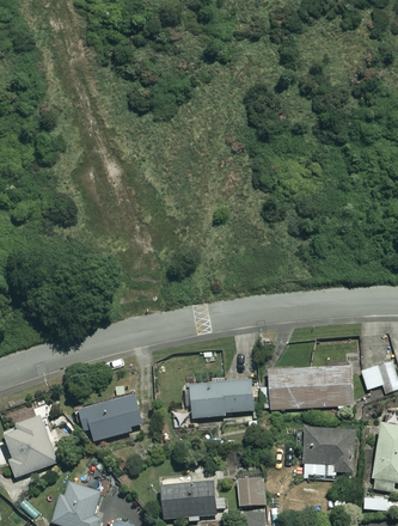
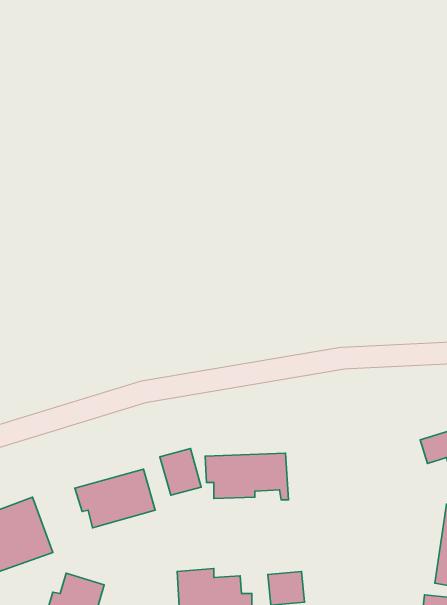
building: [269,365,354,409] -> none
building: none -> [160,449,201,495]
building: [304,426,355,478] -> none

